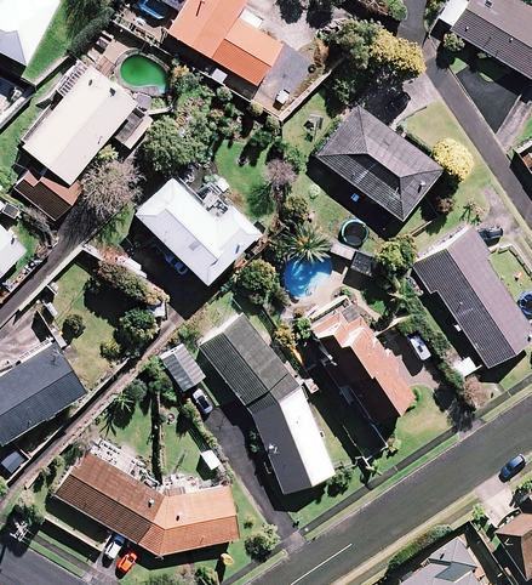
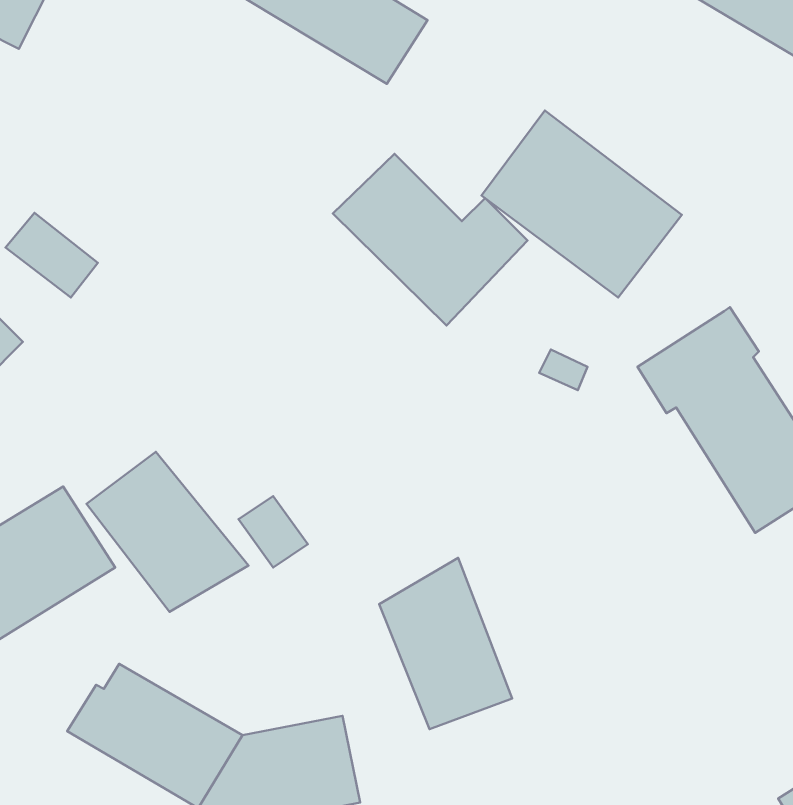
building: [22,67,153,184] -> none
building: [133,176,256,284] -> [333,154,527,325]
building: [309,302,411,422] -> none
building: [199,313,301,414] -> [87,452,248,612]

